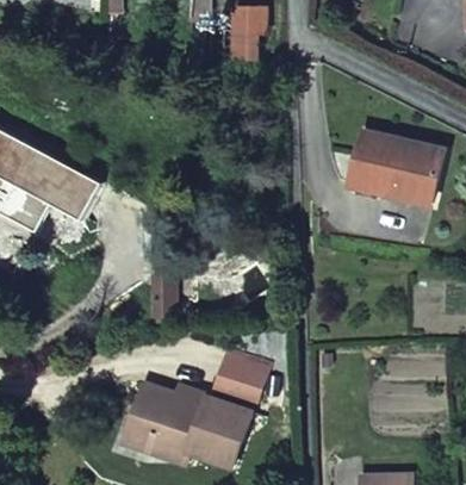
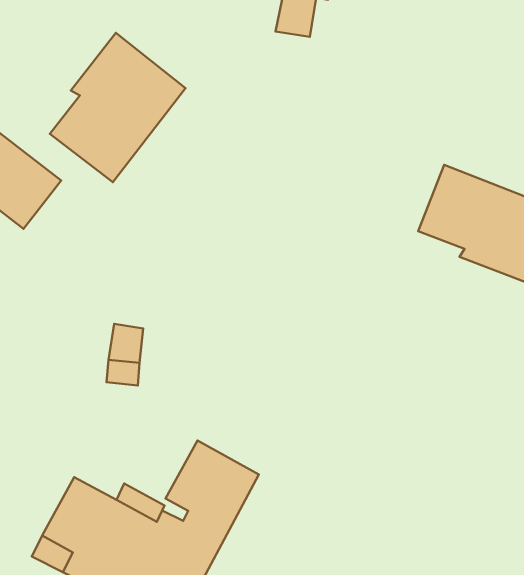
building: none -> [50,33,185,182]

